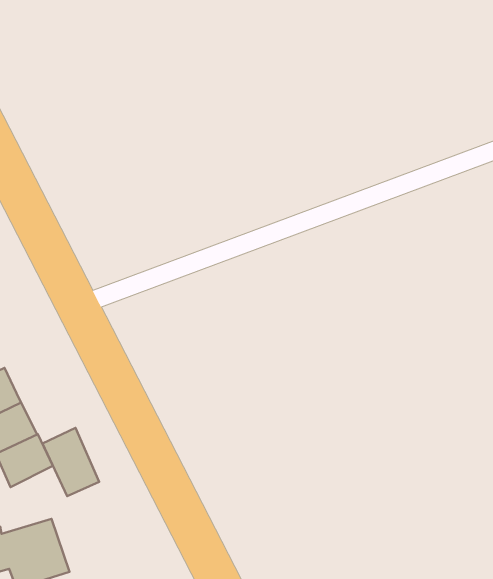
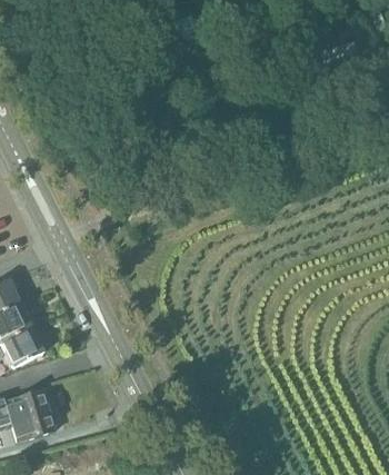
building: [42,428,99,496] -> none

